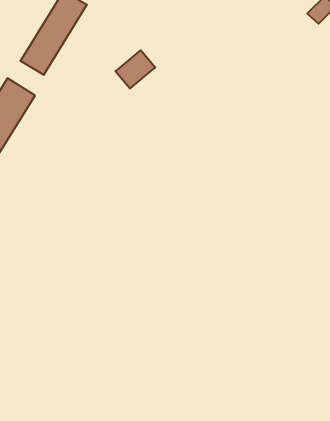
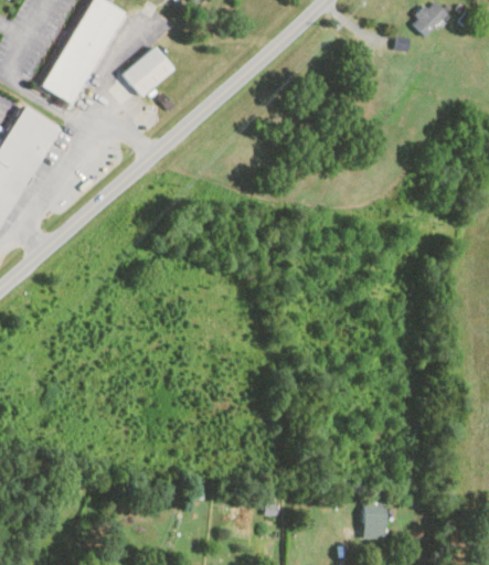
building: [115,50,155,88] -> [119,47,170,96]
building: none -> [361,504,383,524]

